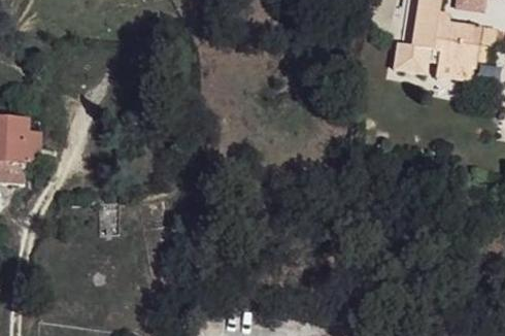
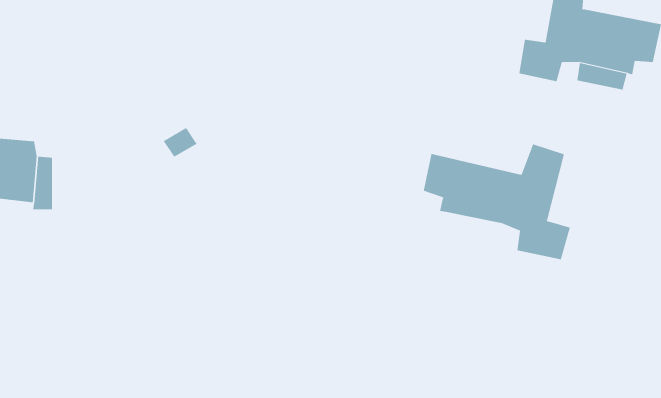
building: none -> [423,143,571,260]

